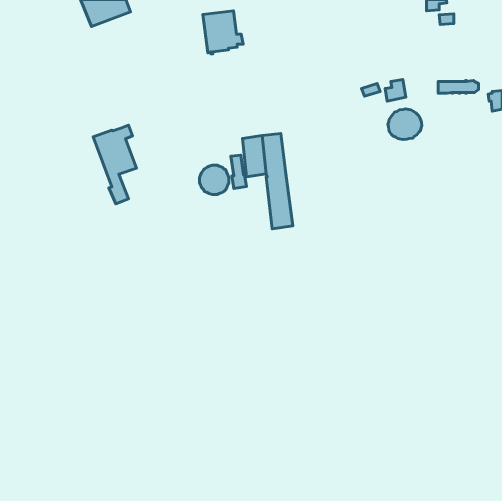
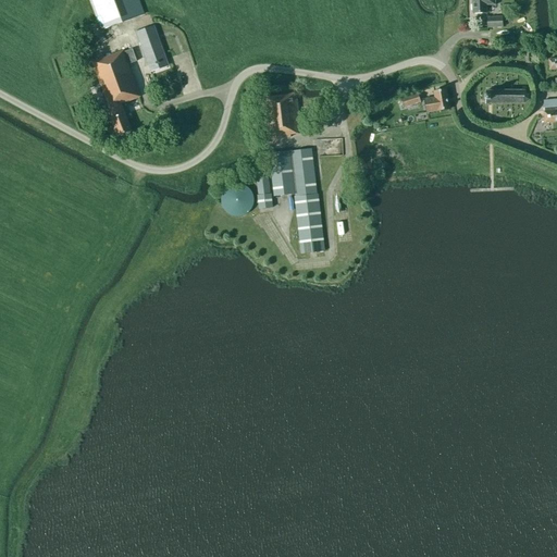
building: [203,11,243,54] -> [262,92,307,140]
building: none -> [136,25,165,65]
building: [388,109,422,140] -> none
building: [93,125,136,204] -> [92,48,140,135]

